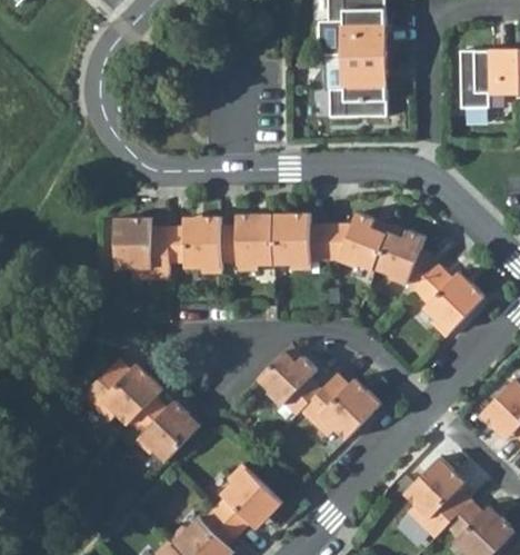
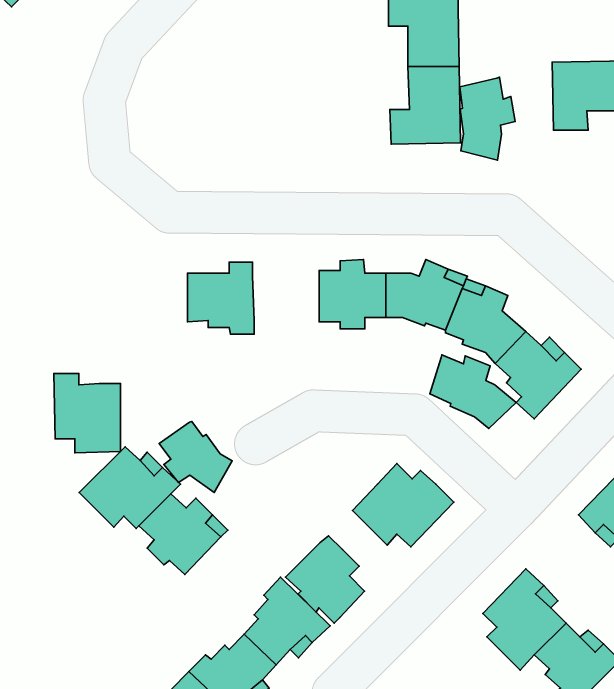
building: none -> [460,77,515,160]
building: [220,210,273,266] -> none
building: [114,212,168,276] -> [54,374,120,453]
building: none -> [430,355,516,429]
building: none -> [159,422,232,493]
building: [257,345,320,415] -> [286,536,365,623]

